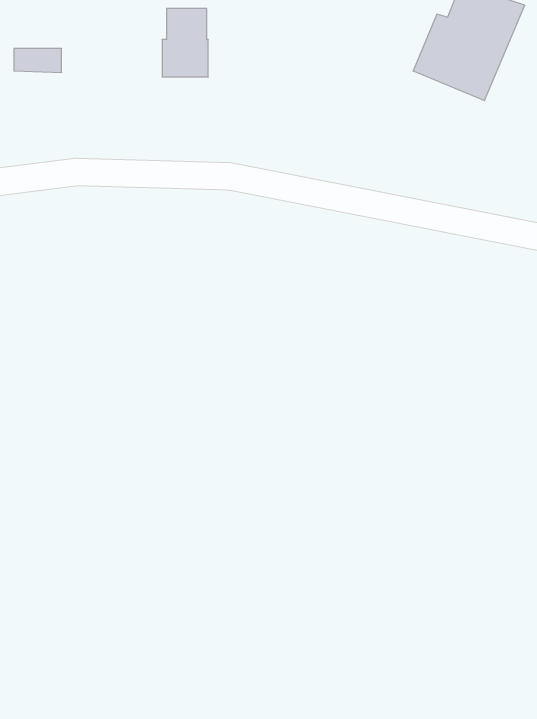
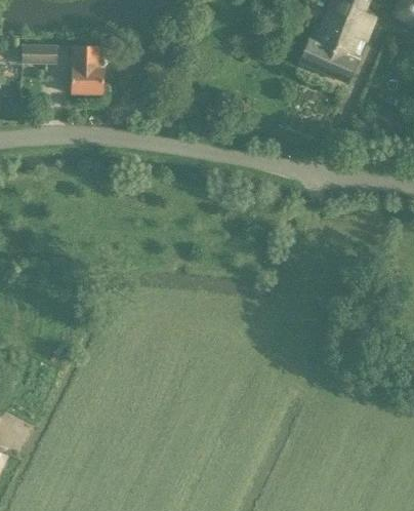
building: [162,8,208,77] -> [72,44,104,91]

